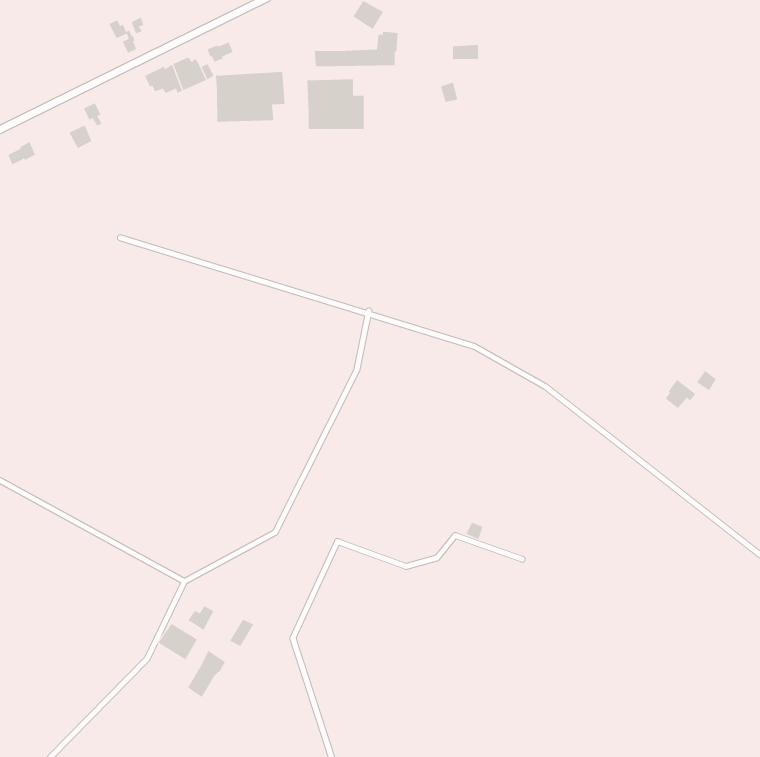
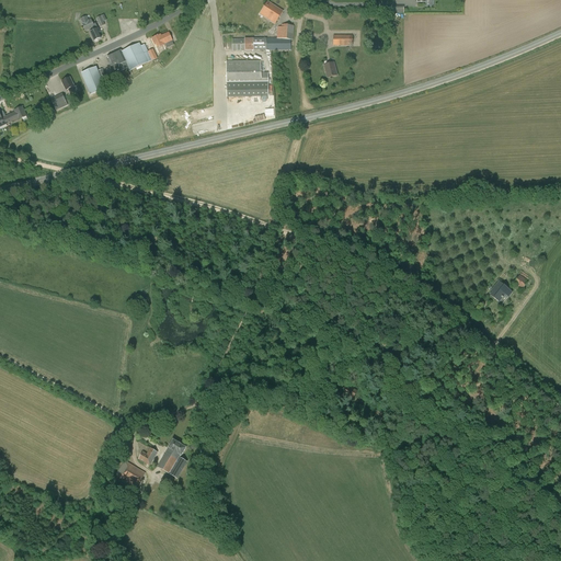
building: [215,71,285,123] -> none
building: none -> [80,65,108,94]
building: [187,650,226,698] -> [158,437,186,472]

